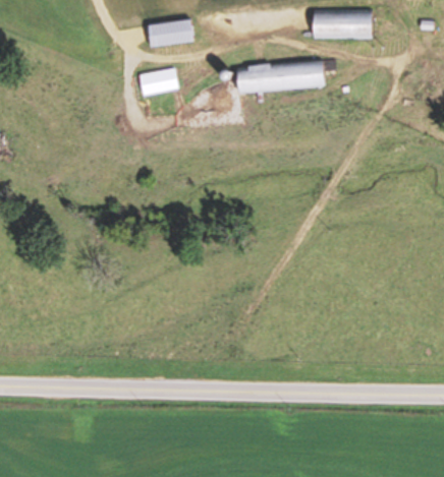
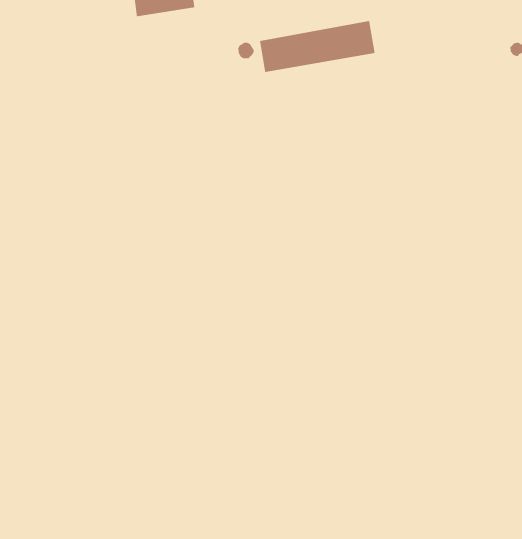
building: [138,67,176,93] -> none

